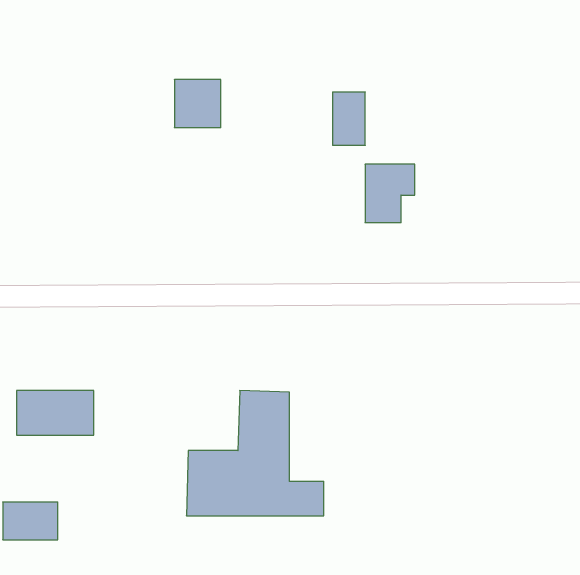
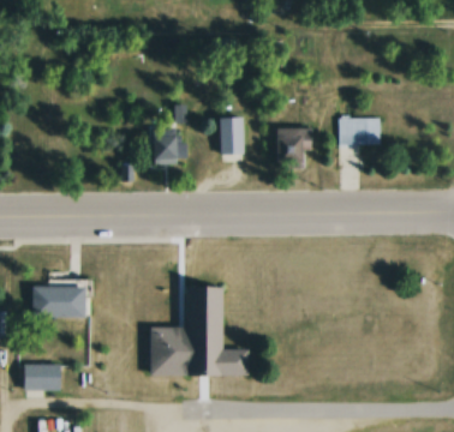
building: [174,80,221,128] -> [154,130,186,163]
building: [333,92,365,145] -> [221,116,244,154]
building: none -> [340,118,382,145]

